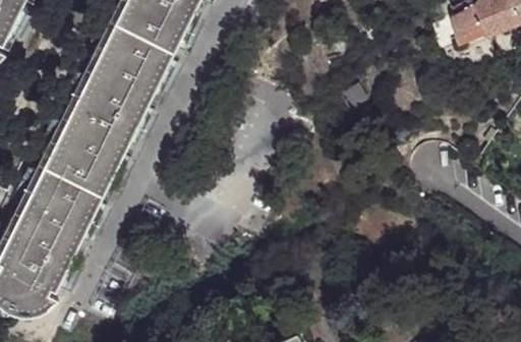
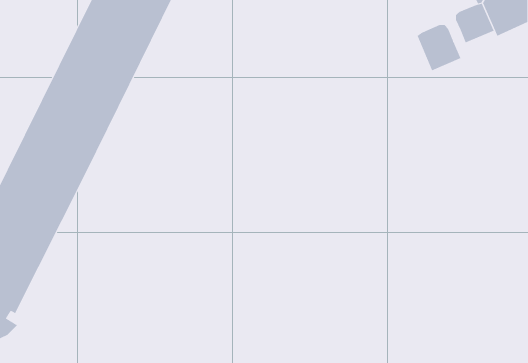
building: none -> [417,24,461,71]

